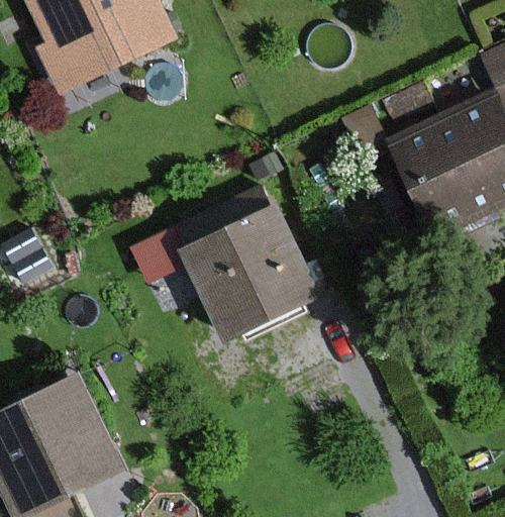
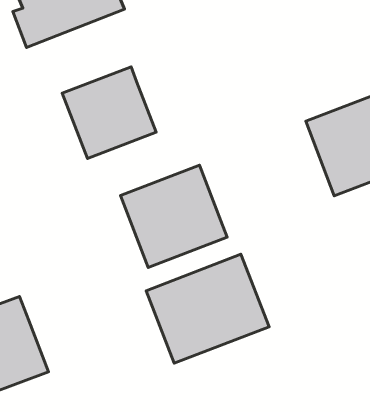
building: none -> [62,67,156,159]
building: none -> [146,254,269,363]

